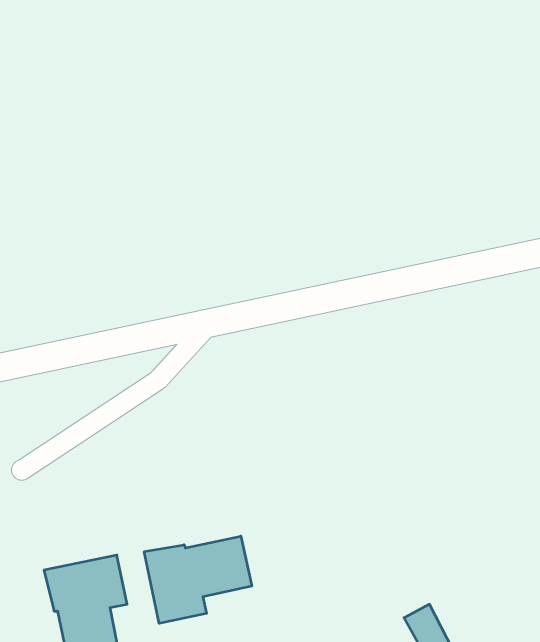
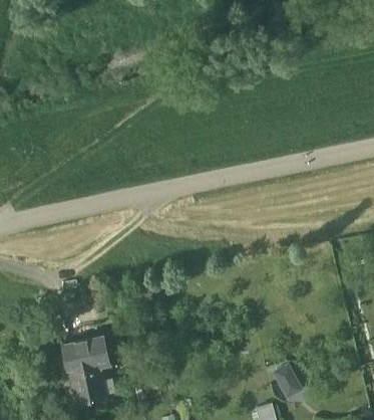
building: [144,536,252,623] -> none

